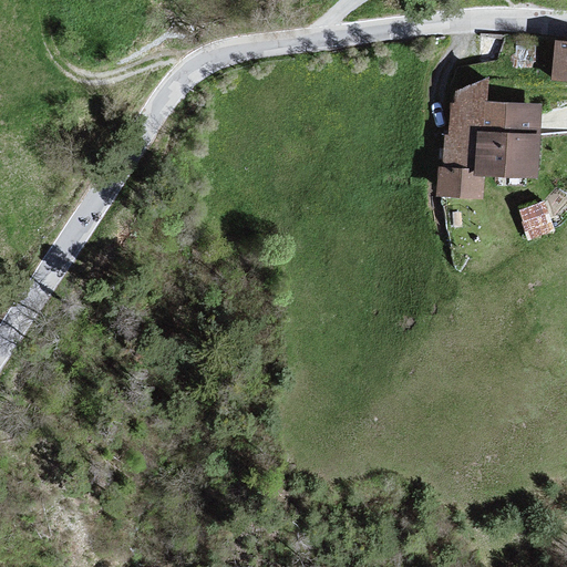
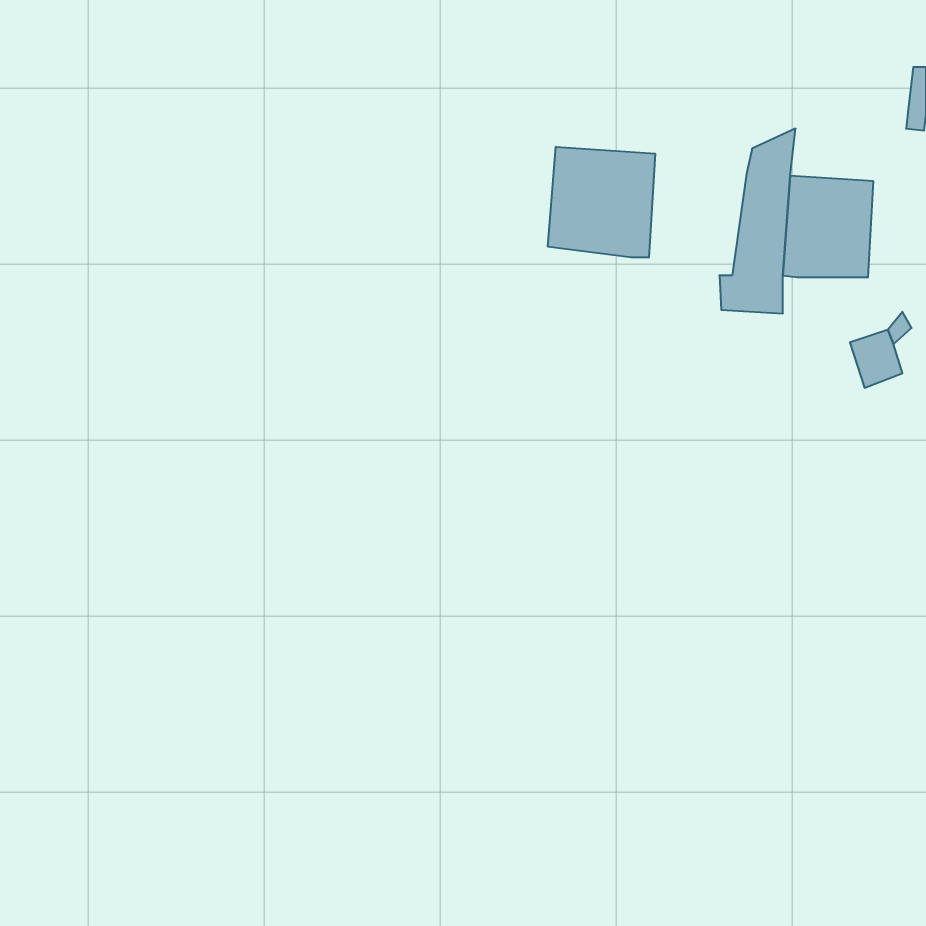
building: none -> [548,147,655,258]

